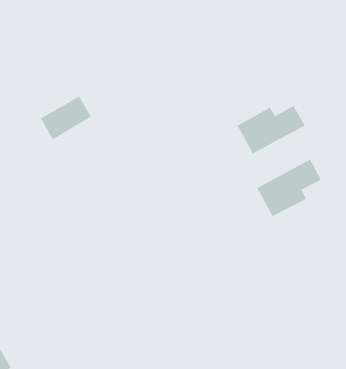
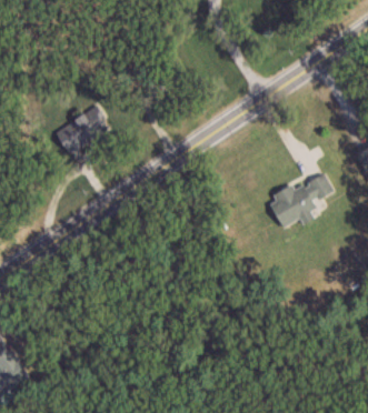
building: [237,105,306,155] -> none

